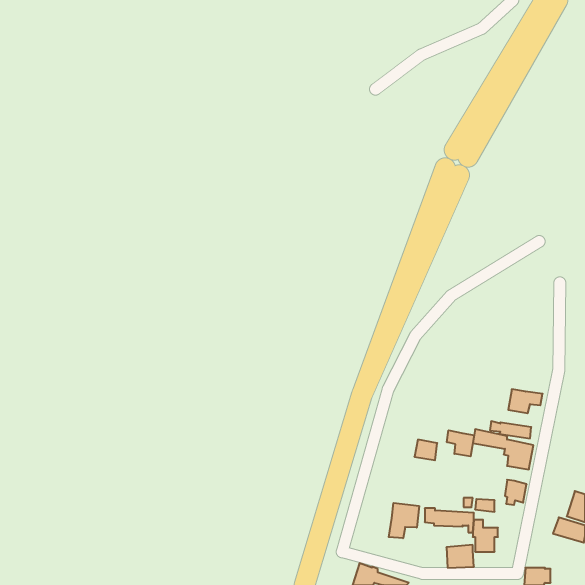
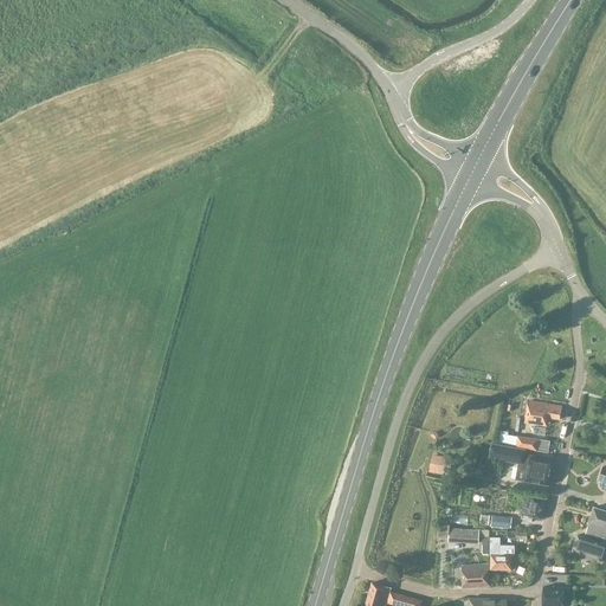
building: [447,430,474,456] -> none
building: [389,503,419,538] -> none

